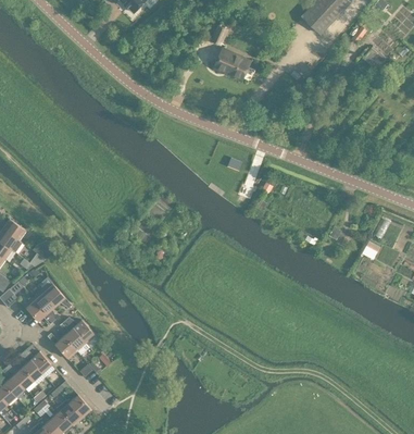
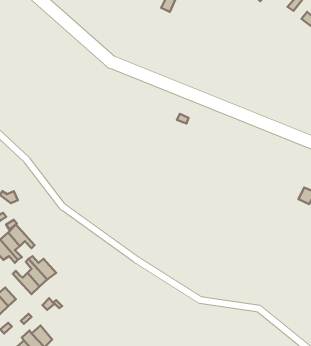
building: [214,50,250,79] -> none

